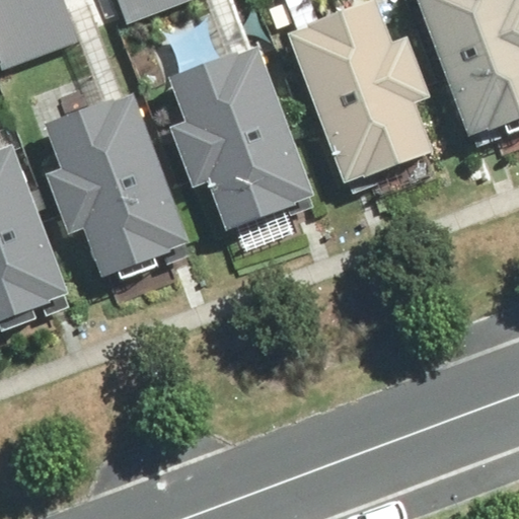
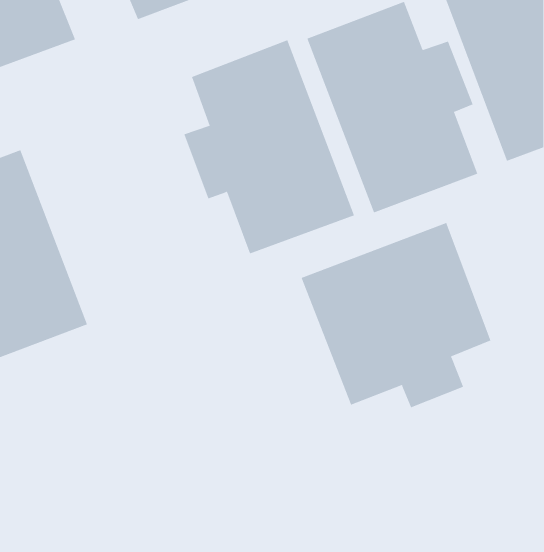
building: [43,85,201,283] -> none
building: none -> [301,222,491,408]

